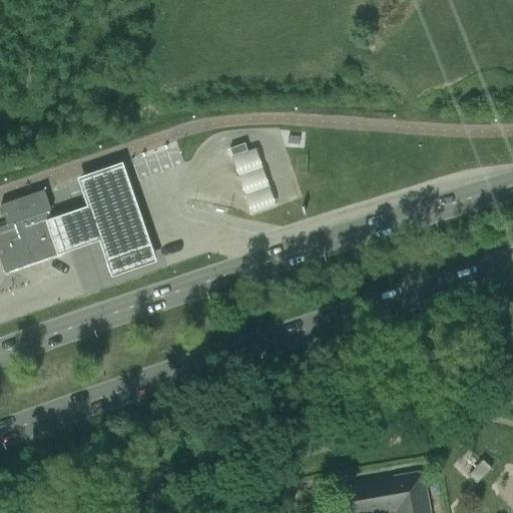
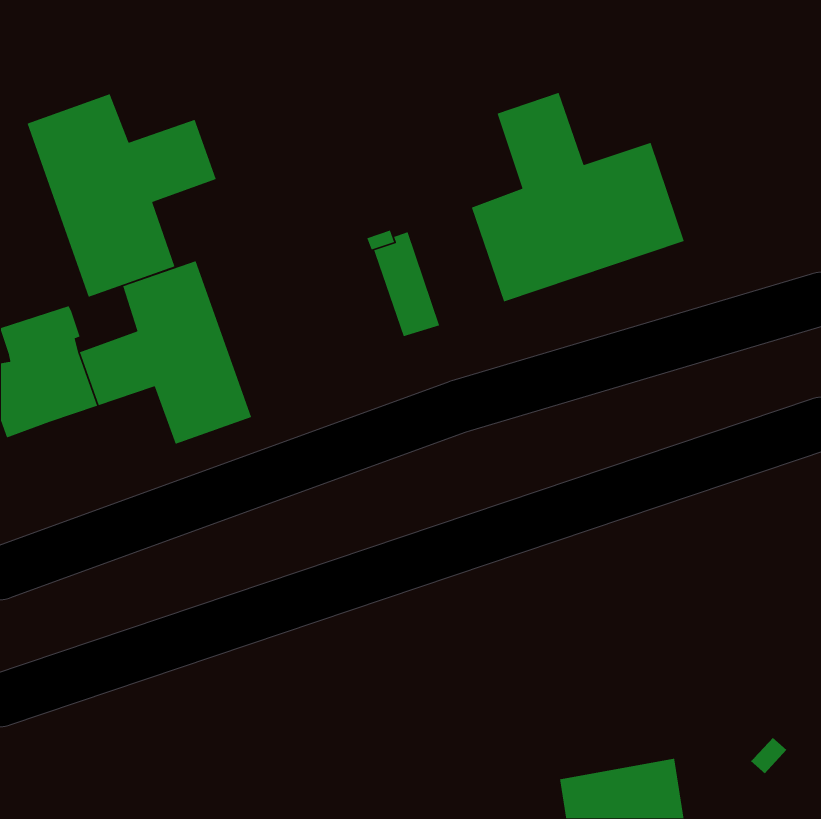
building: none -> [471,92,685,302]
building: none -> [27,93,217,298]

